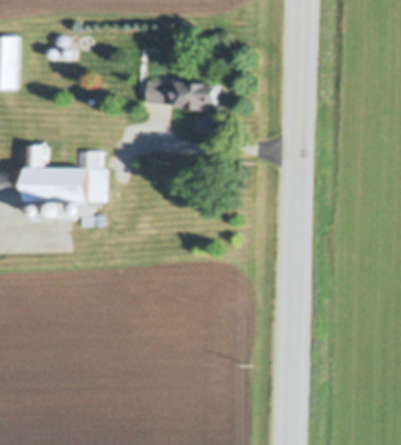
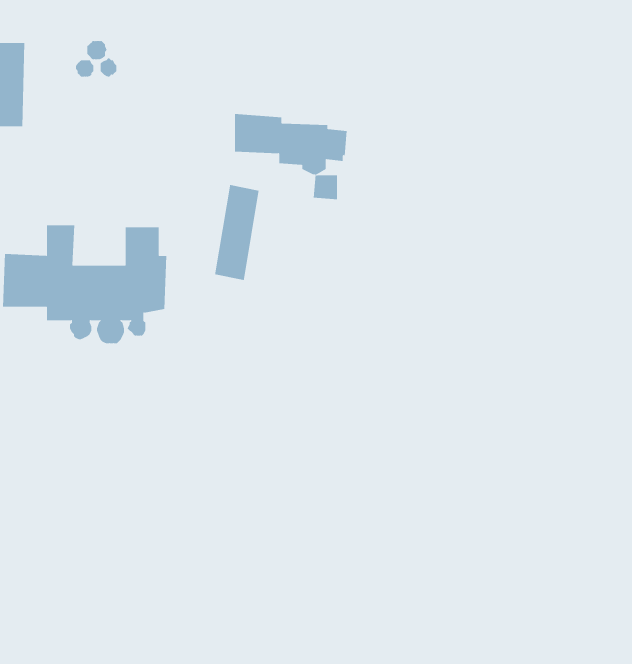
building: none -> [215,184,259,281]

